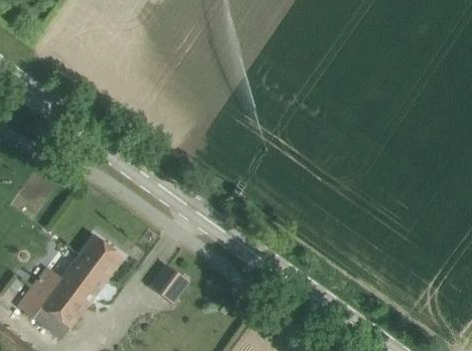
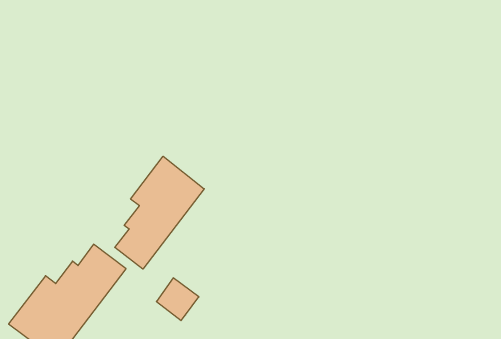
building: none -> [115,156,204,269]

